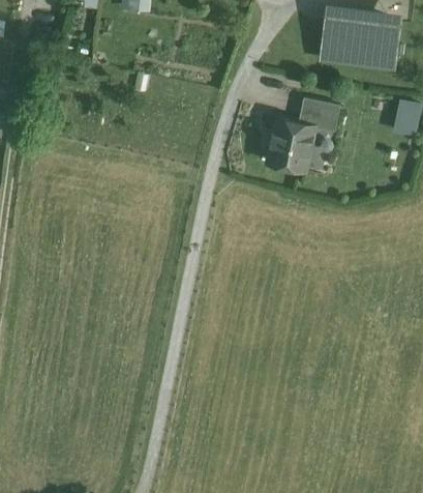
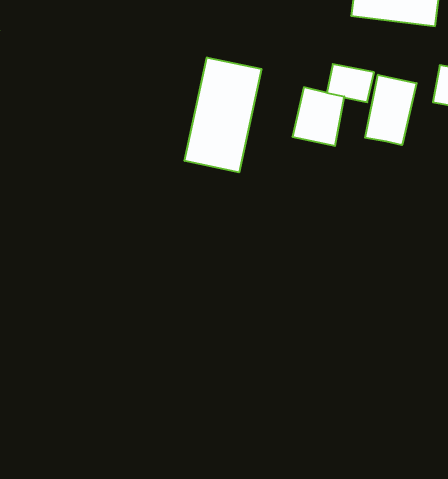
building: none -> [185,57,261,172]
building: none -> [365,75,417,145]

